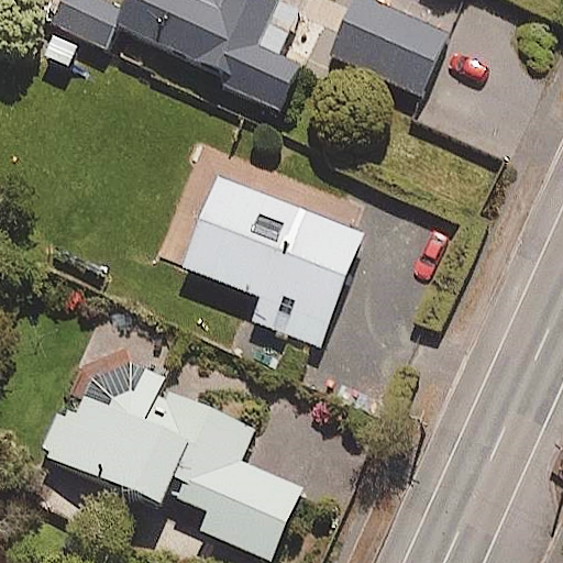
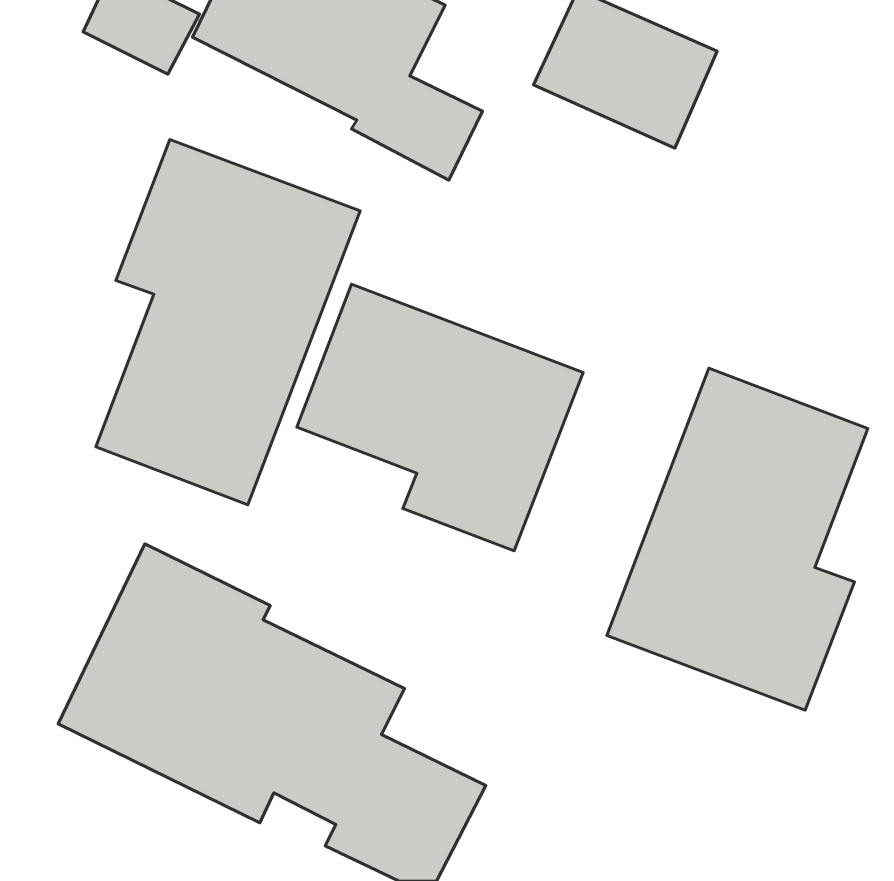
building: none -> [96,139,360,505]
building: none -> [607,368,868,710]

